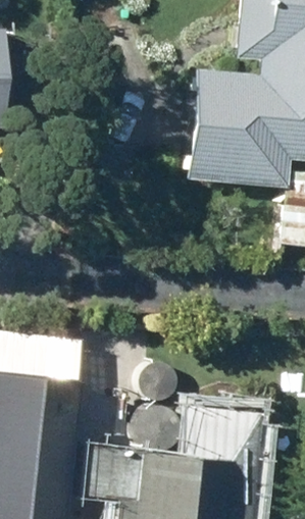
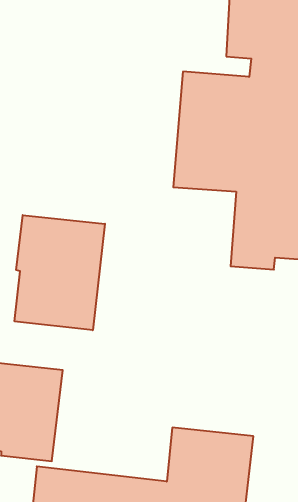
building: none -> [15,215,105,330]

